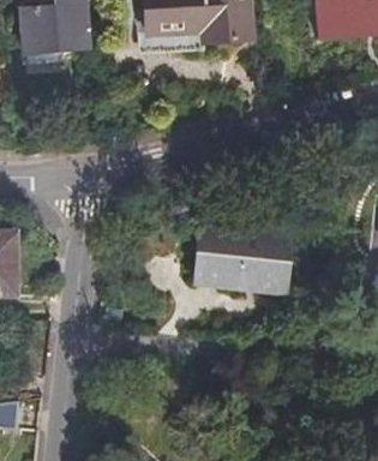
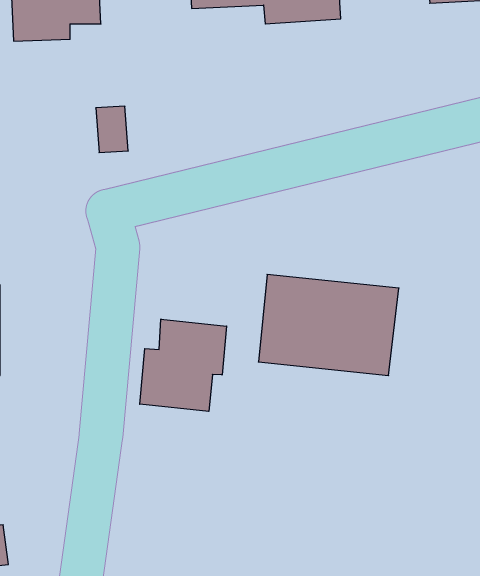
building: none -> [140,319,227,411]

